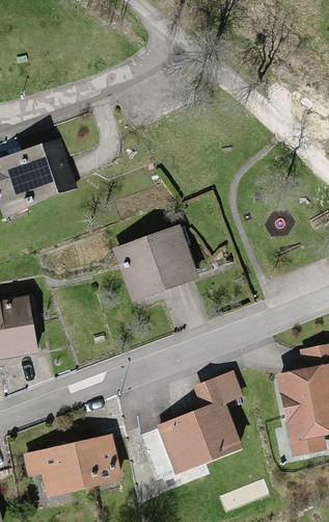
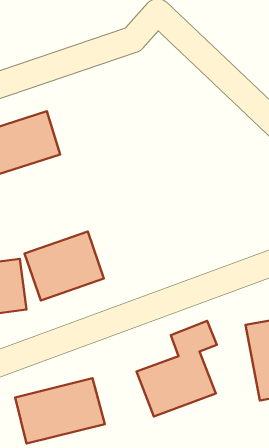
building: [113,228,199,303] -> [25,232,104,301]

